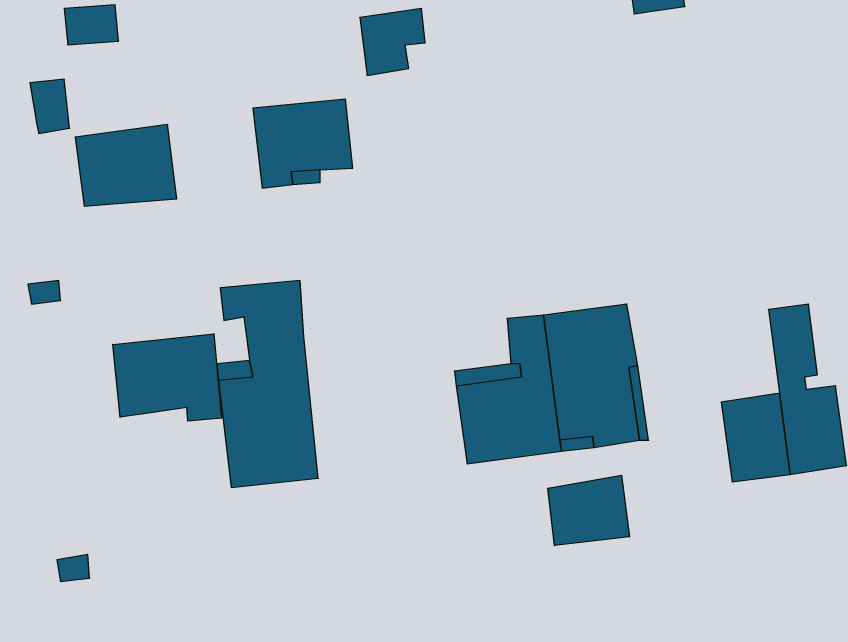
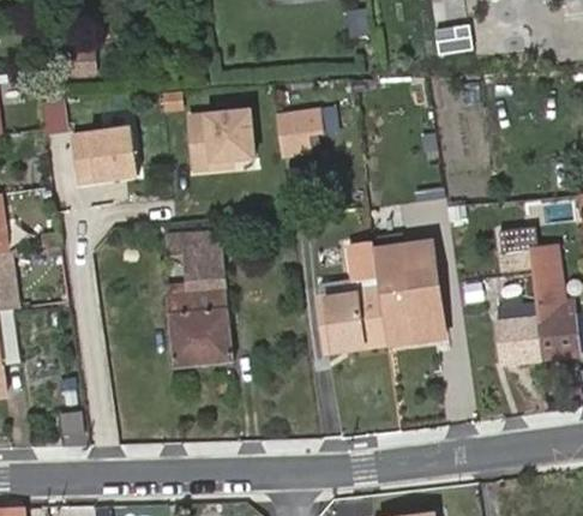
building: [360,8,425,76] -> [281,110,324,155]
building: [113,334,222,421] -> none
building: [548,475,629,546] -> none

